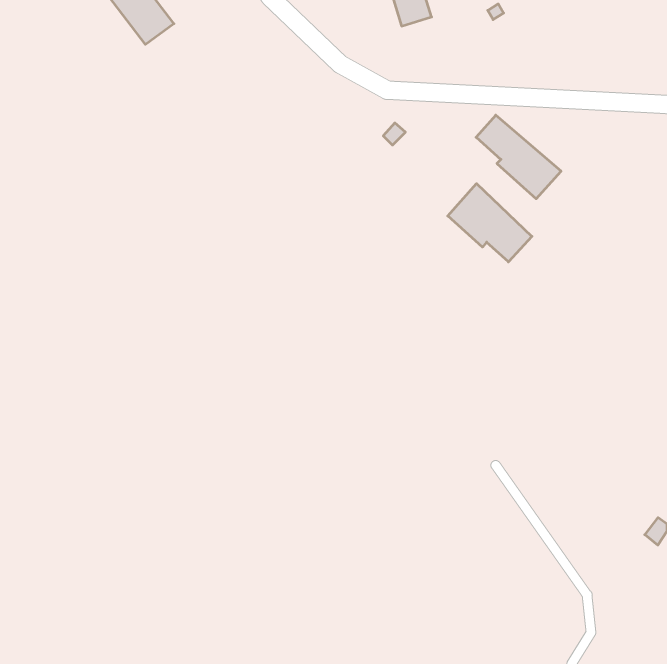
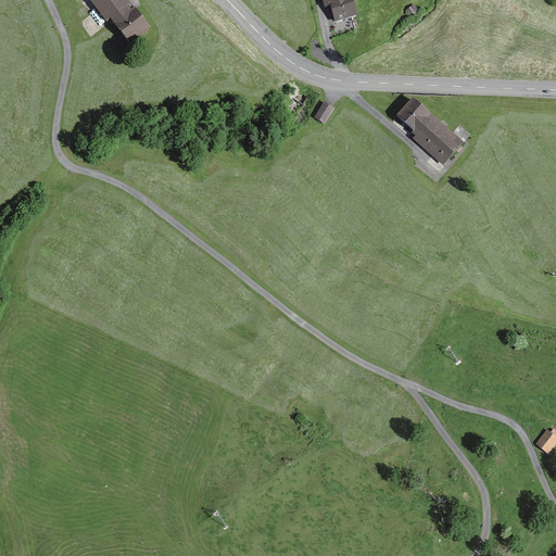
building: [448,184,532,262] -> none

